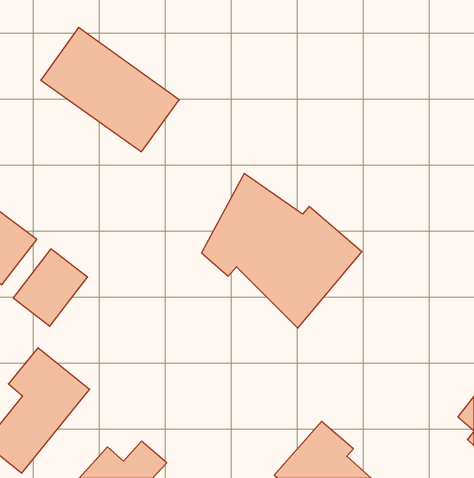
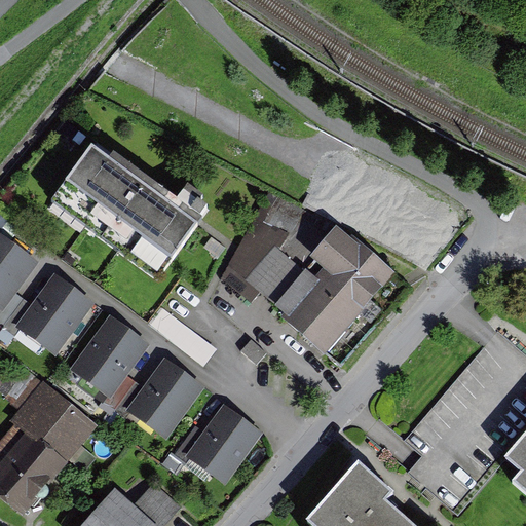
building: [41,27,179,152] -> [54,143,205,278]
building: none -> [69,313,150,398]
building: none -> [124,355,205,440]
building: none -> [185,403,263,484]

